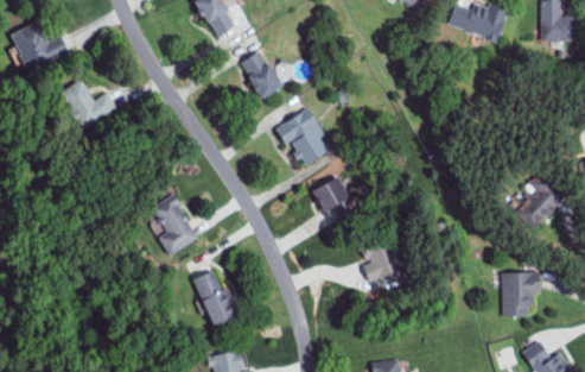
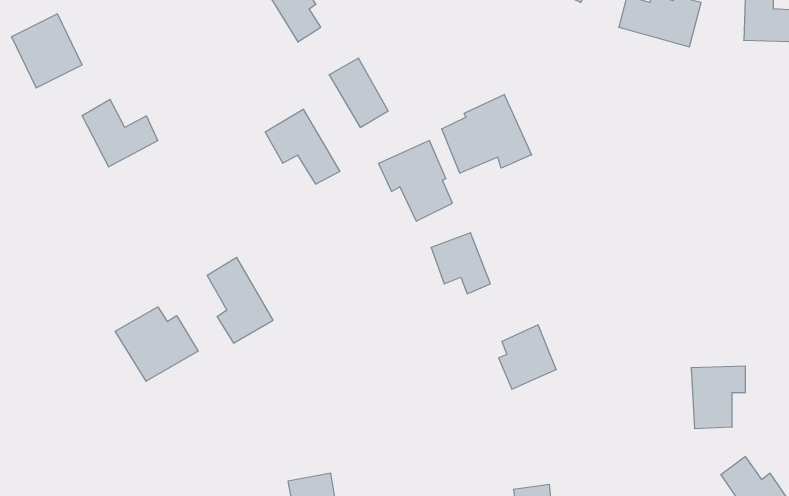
building: none -> [442,94,532,173]
building: none -> [265,109,340,184]
building: [516,174,564,234] -> none
building: none -> [115,307,198,381]
building: [195,272,240,328] -> none

